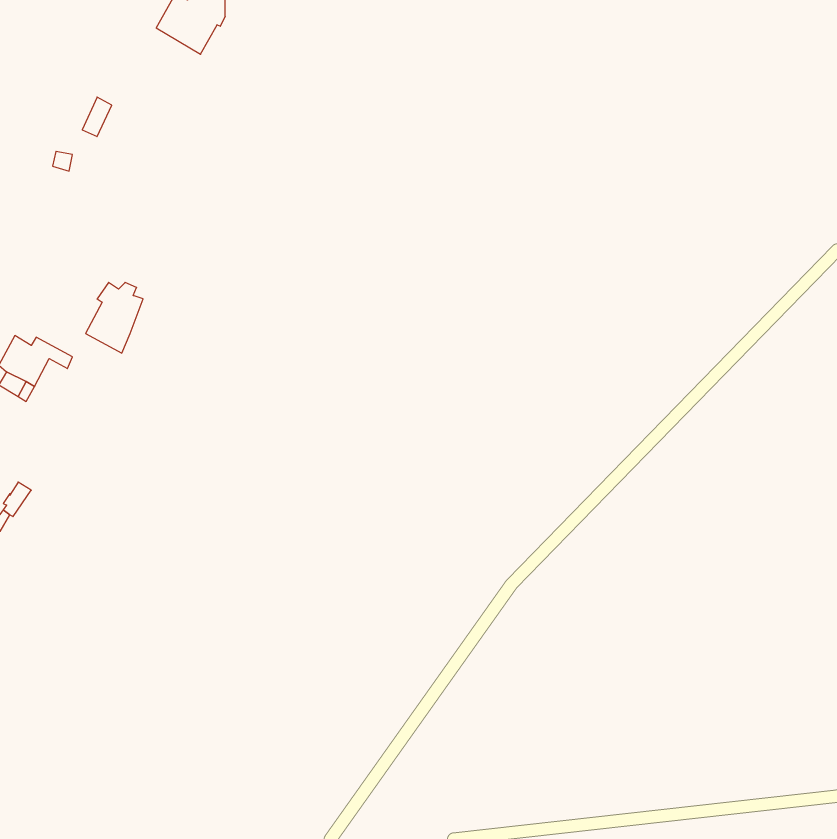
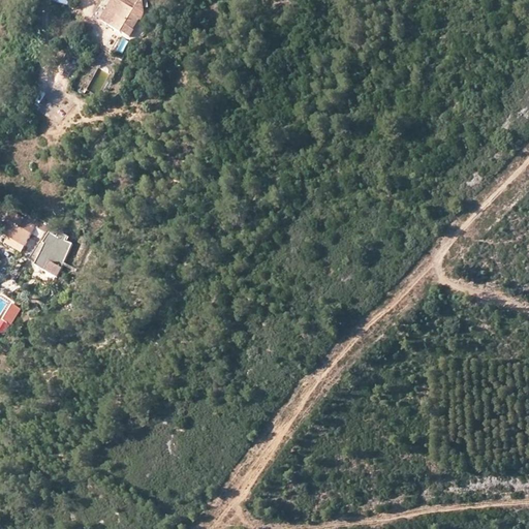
building: [86,282,143,353] -> [34,232,70,277]

